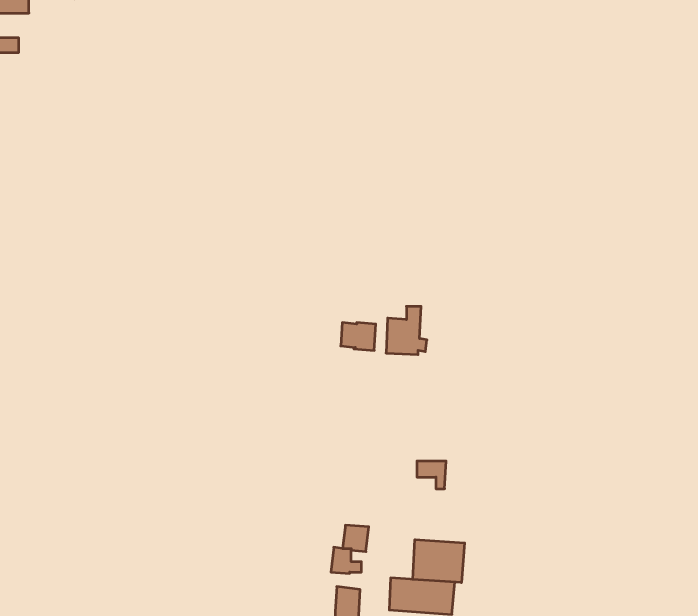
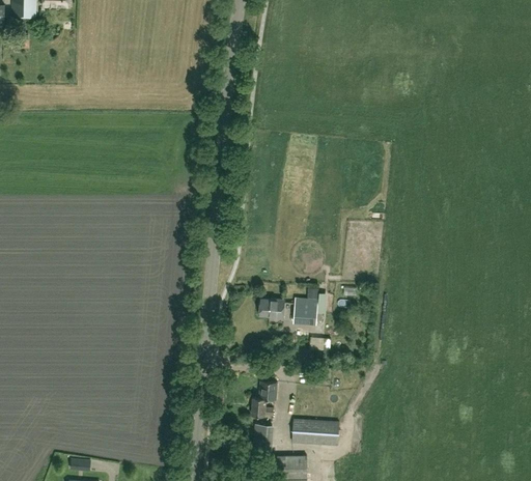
building: [386,306,427,355] -> [294,289,323,323]
building: [341,323,376,350] -> [259,299,284,318]
building: [413,540,465,583] -> none

